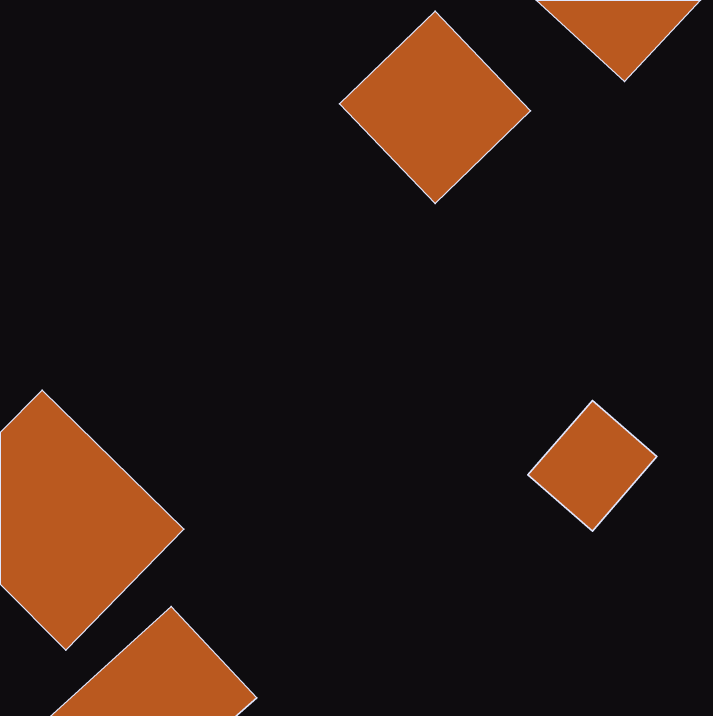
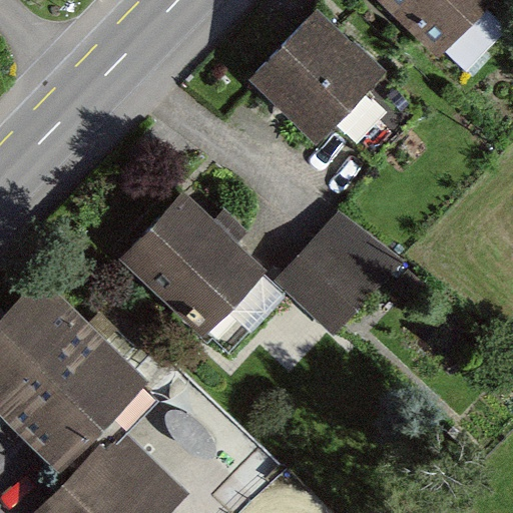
building: none -> [121,184,277,338]
building: [528,400,657,531] -> [292,237,384,331]

